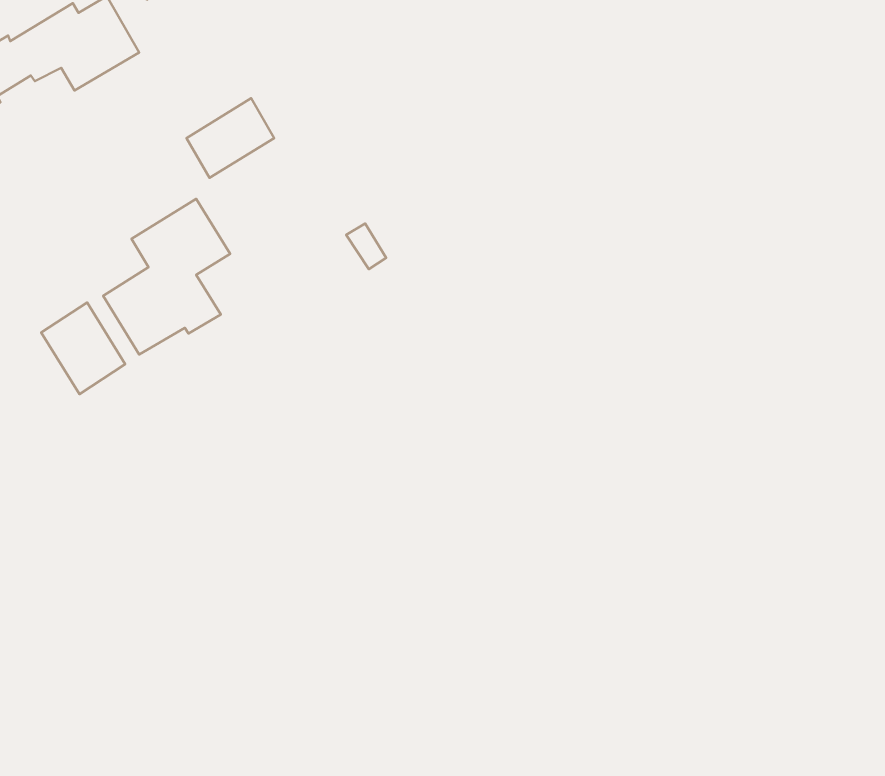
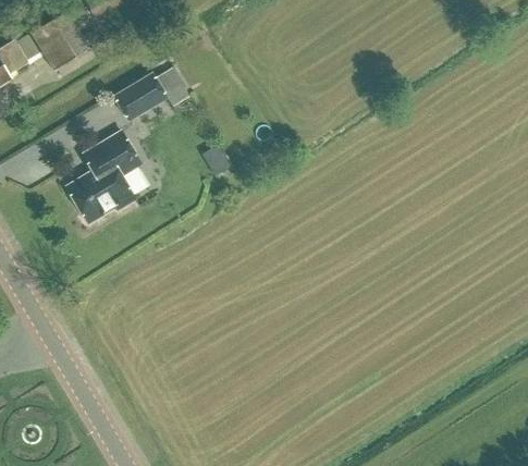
building: none -> [152,65,189,107]
building: [41,302,125,394] -> none

